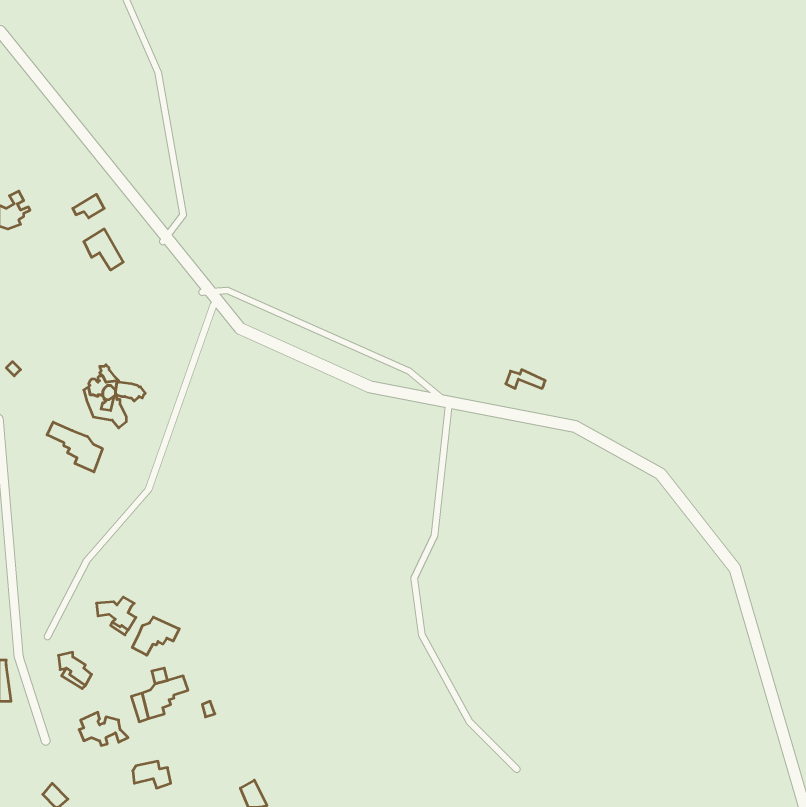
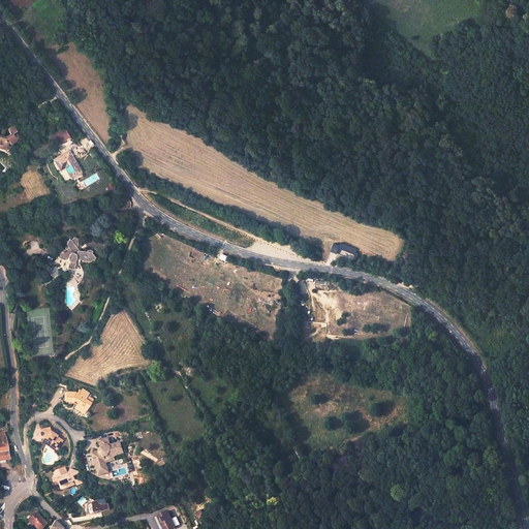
building: [47,422,102,472] -> none
building: [132,617,179,655] -> none

